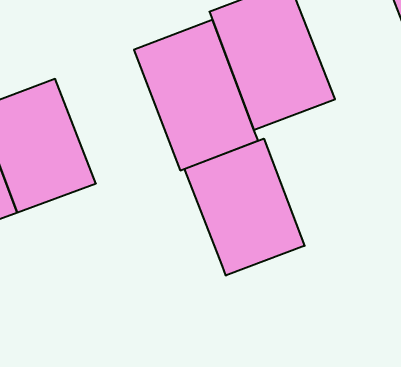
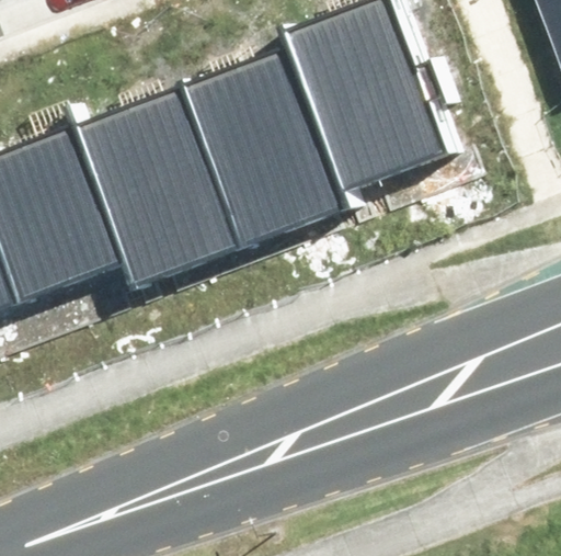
building: none -> [78,84,247,287]
building: [184,139,305,276] -> none

